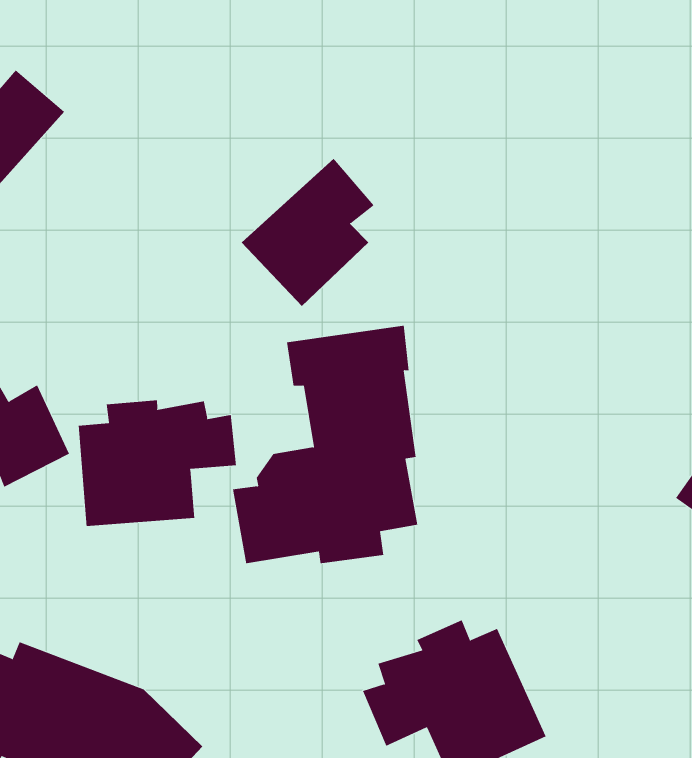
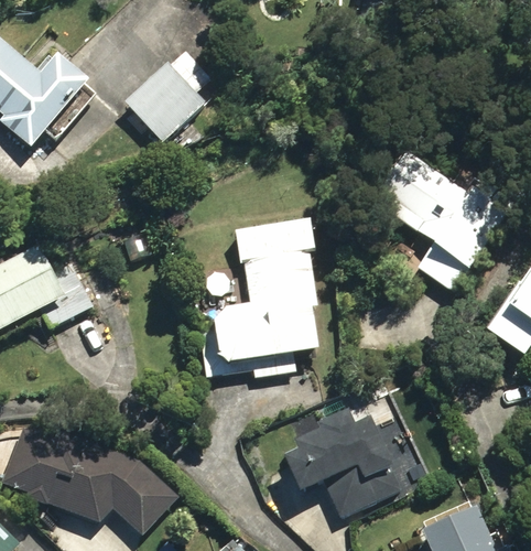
building: [241,158,374,307] -> [123,45,210,142]
building: none -> [360,144,486,260]
building: [78,400,237,527] -> none

